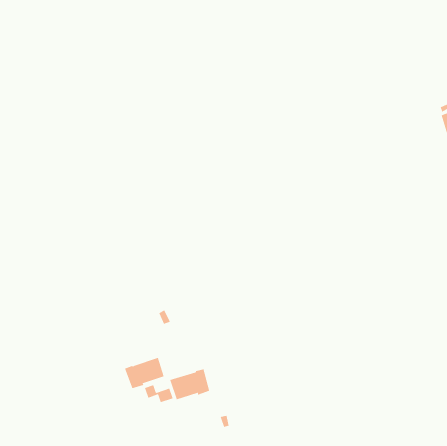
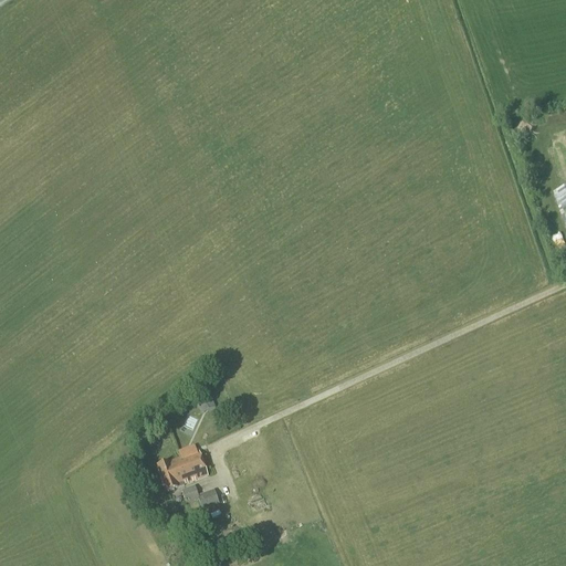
building: [170,369,210,400] -> none

